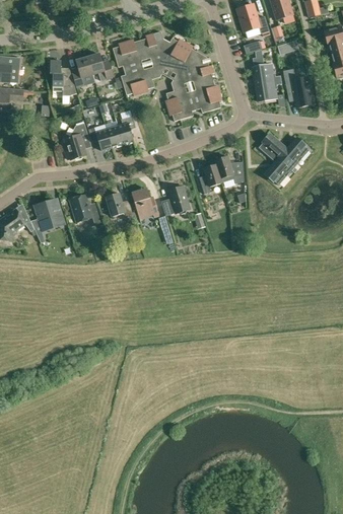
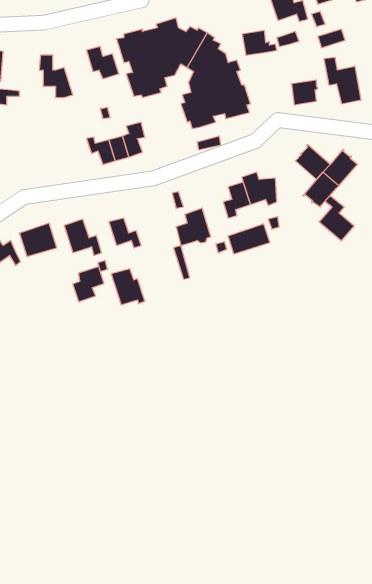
building: [71,57,93,88] -> none
building: [253,64,281,84] -> [242,30,277,55]
building: [64,123,90,159] -> none
building: none -> [319,196,354,241]
building: [132,189,159,218] -> [111,269,145,305]
building: none -> [228,224,270,254]
building: none -> [73,267,104,302]

